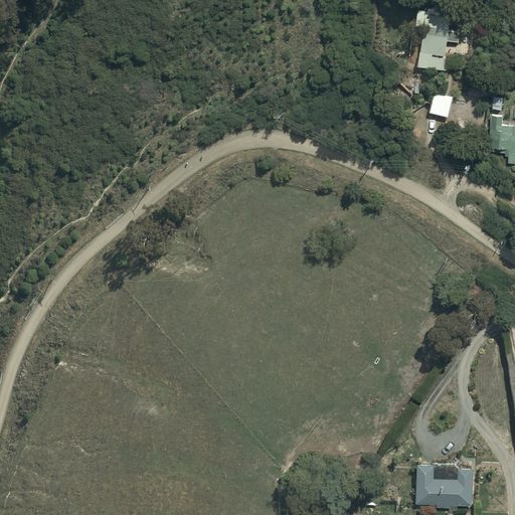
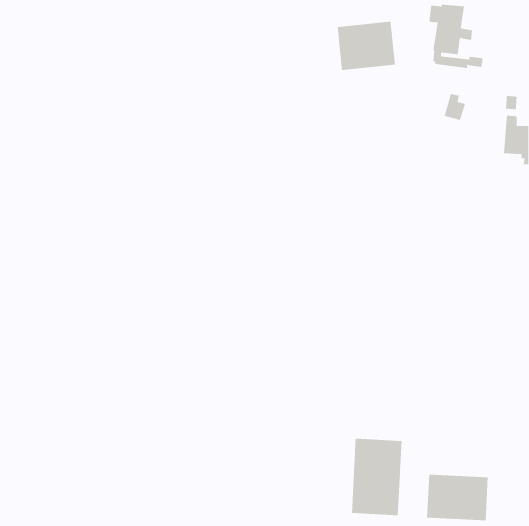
building: none -> [337,21,396,71]
building: none -> [351,438,402,516]

